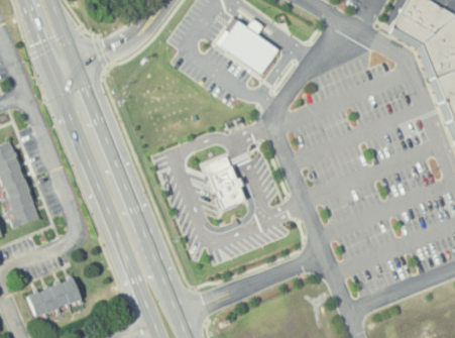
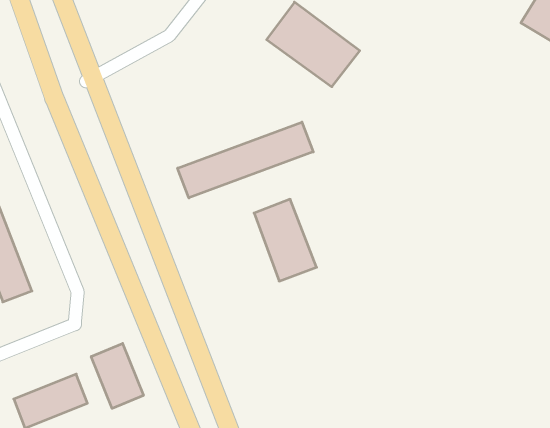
building: none -> [178,122,313,198]
building: none -> [91,343,143,408]

